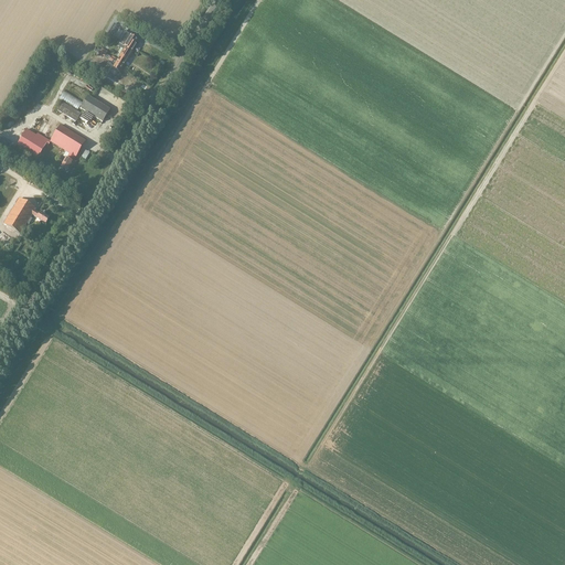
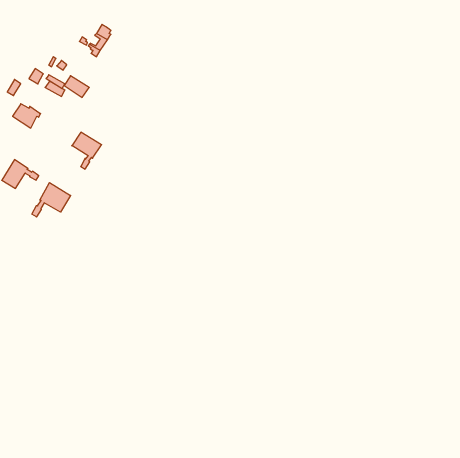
building: [49,122,85,168] -> [72,132,102,169]
building: none -> [32,183,71,217]

